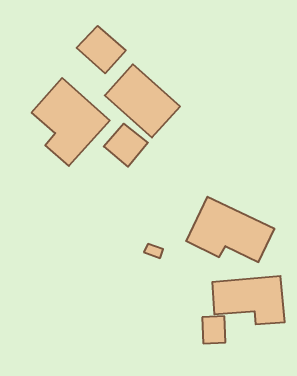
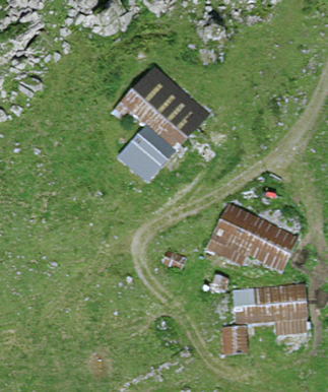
building: [77,26,126,73] -> none
building: [32,78,110,166] -> none

